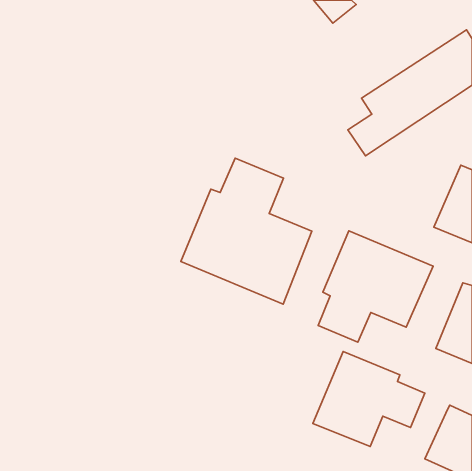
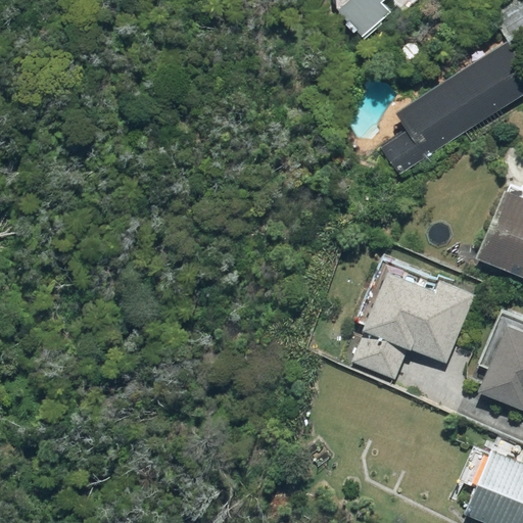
building: [181,158,312,304] -> none
building: [313,351,425,446] -> none

